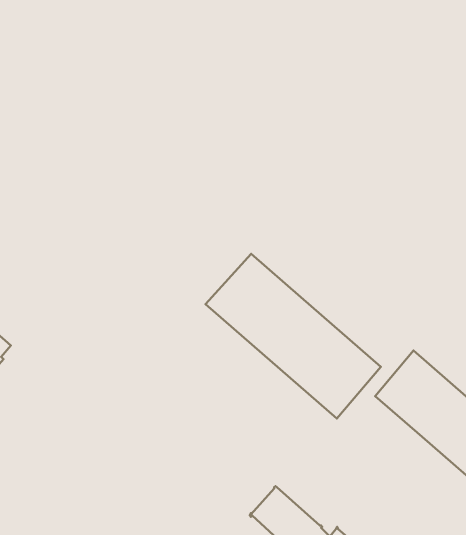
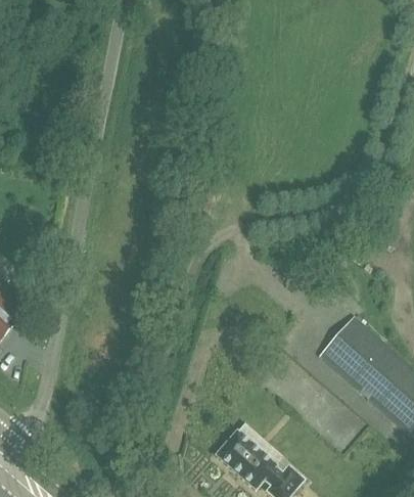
building: [206,254,381,419] -> none

